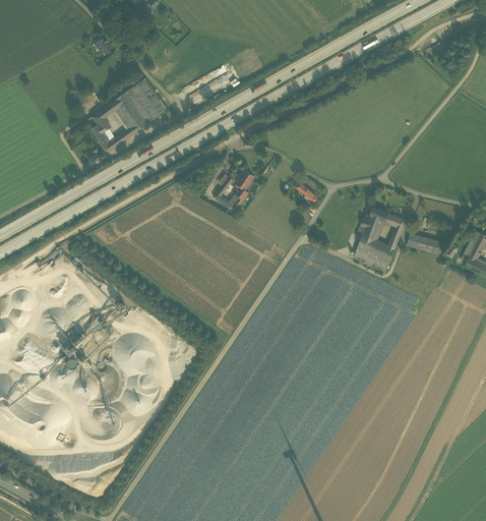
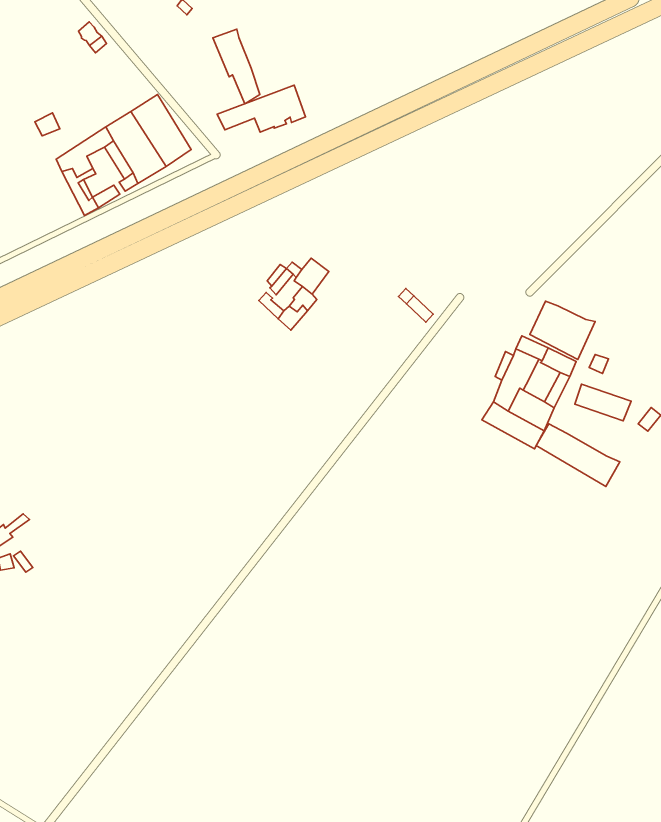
building: none -> [213,29,260,104]
building: none -> [530,301,595,359]
building: none -> [536,424,620,487]

